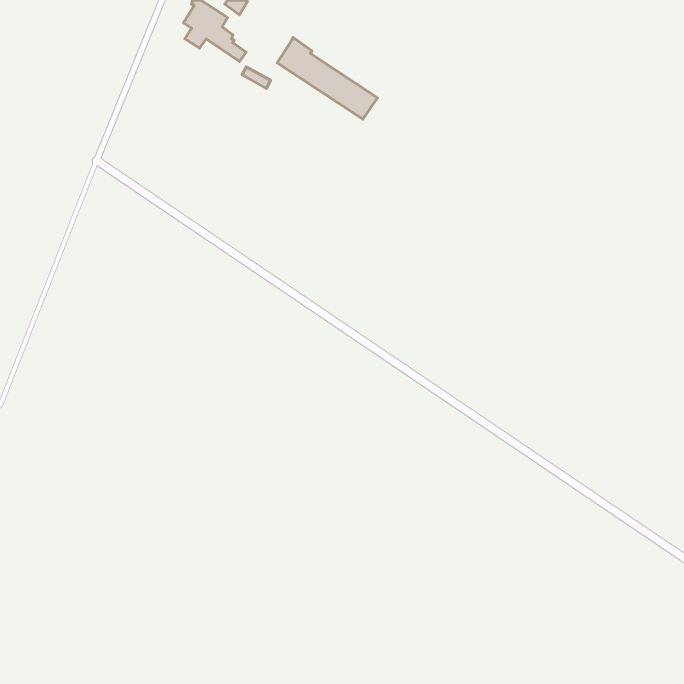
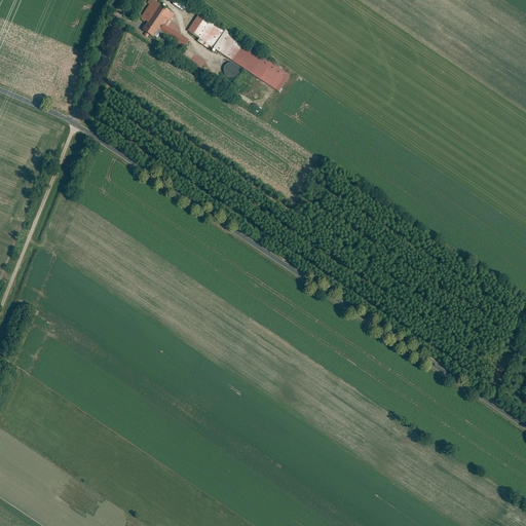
building: none -> [187,13,224,50]

